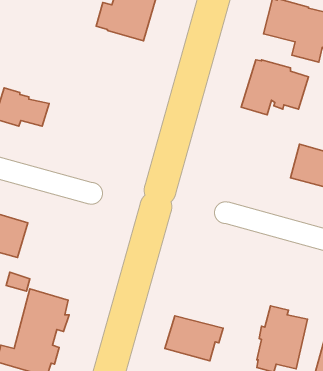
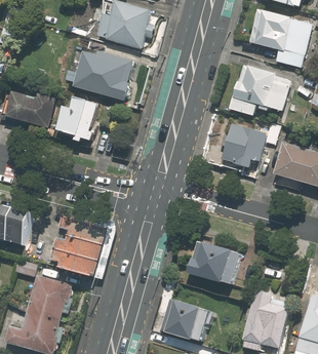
building: none -> [74,51,131,100]
building: none -> [55,96,95,142]
building: none -> [216,124,266,166]
building: none -> [48,217,105,277]
building: none -> [188,240,239,284]

